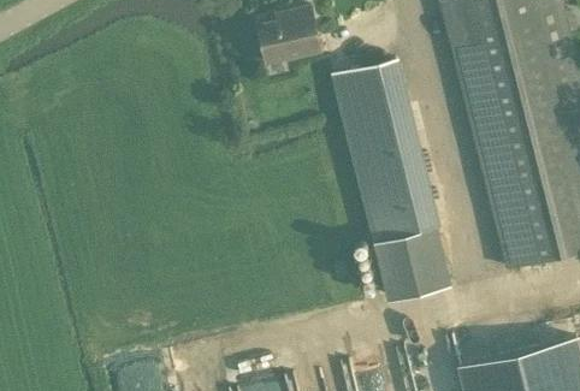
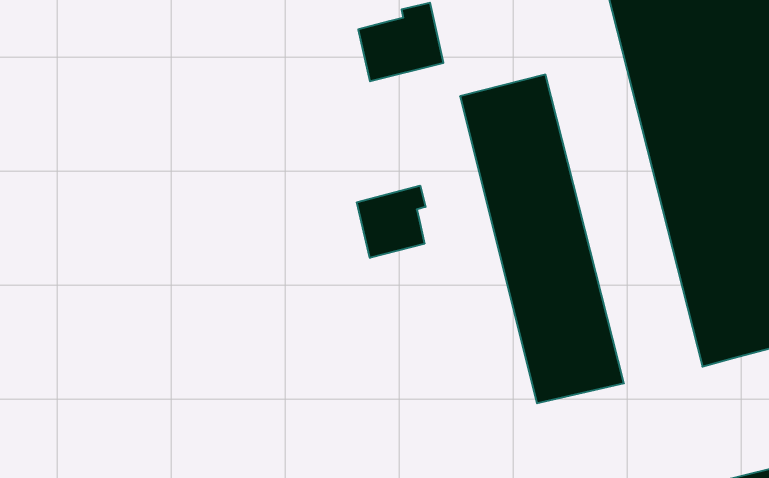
building: none -> [357,186,426,258]

